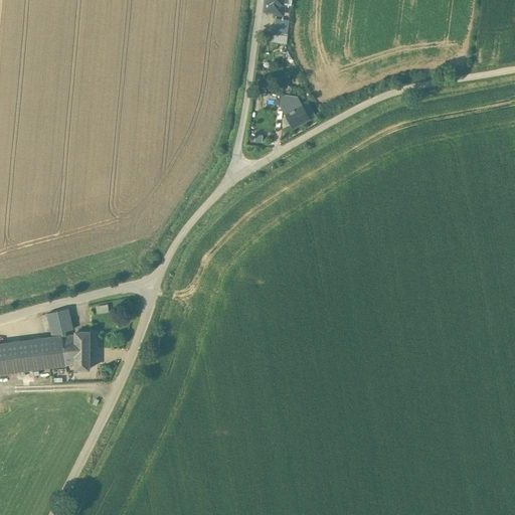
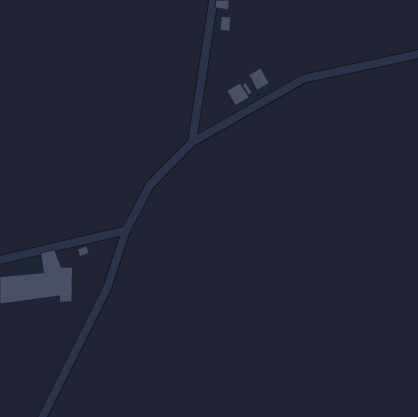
building: none -> [249,68,270,90]

